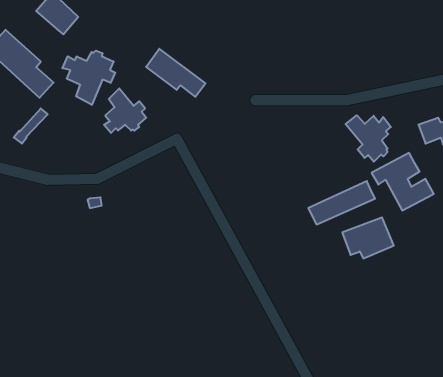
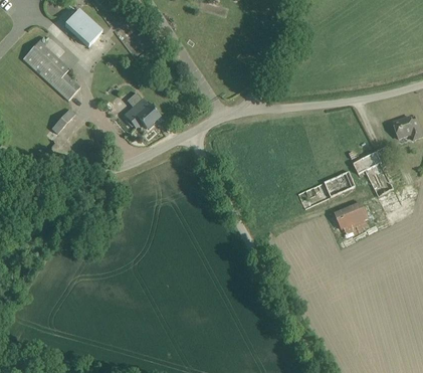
building: [146,49,205,97] -> none
building: [62,51,115,105] -> none
building: [346,115,391,162] -> none

